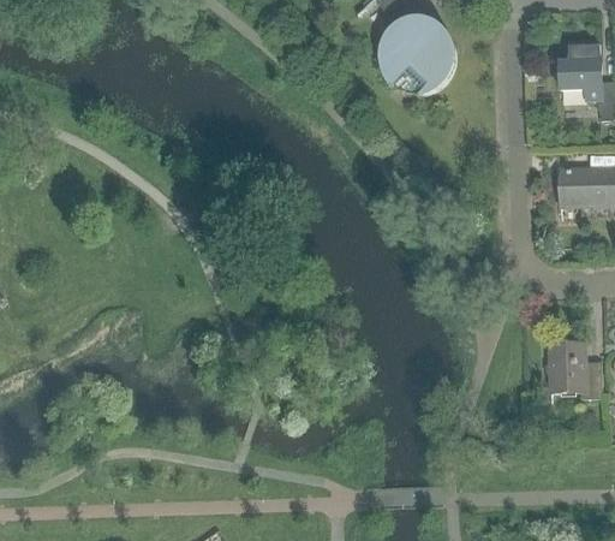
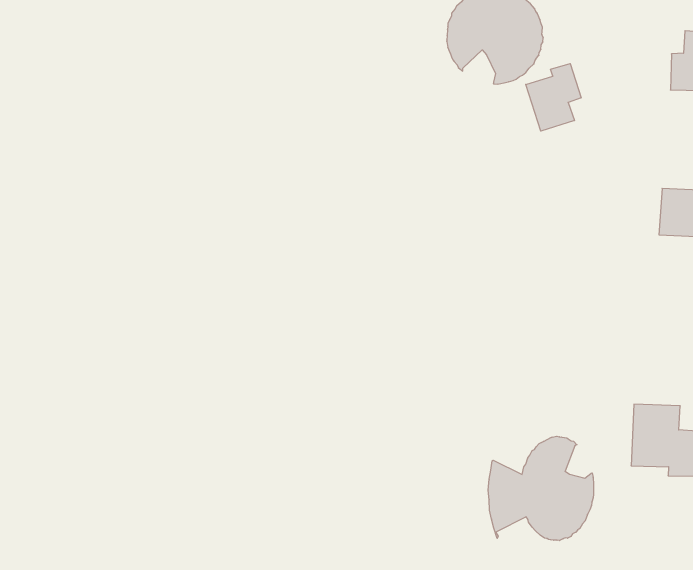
building: none -> [526,64,581,131]
building: none -> [488,436,594,541]

